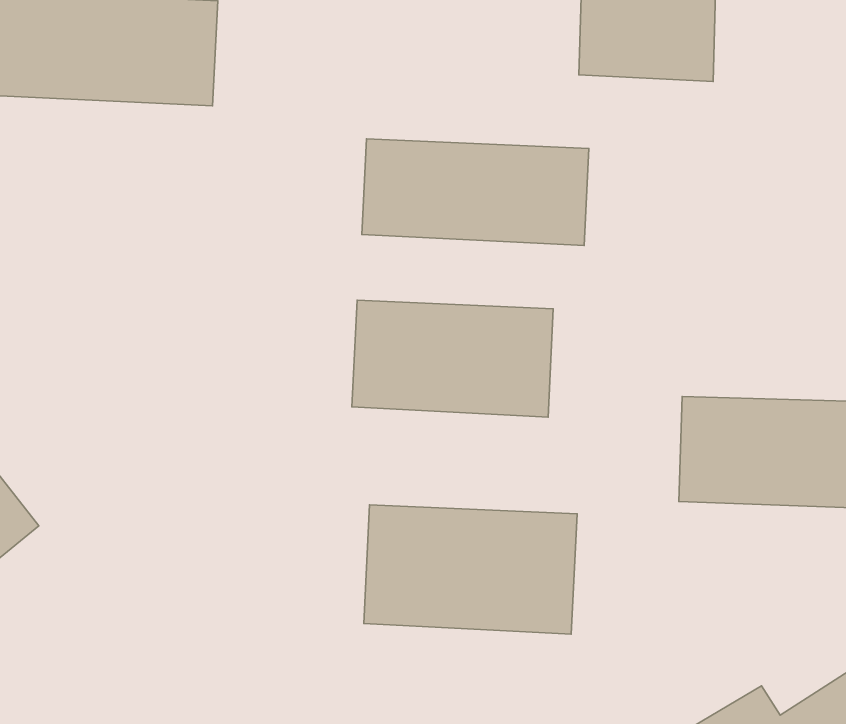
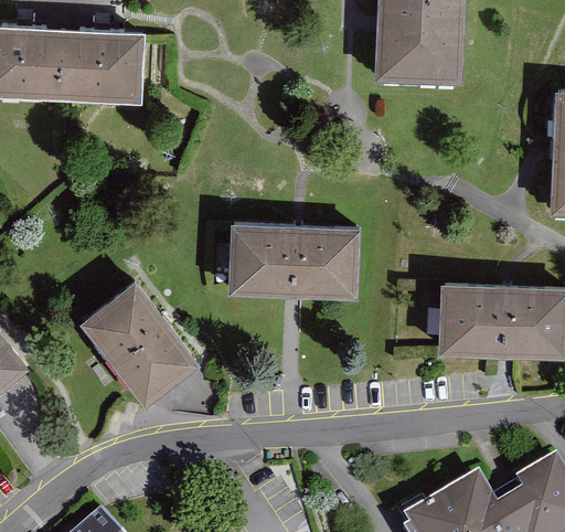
building: [362,139,589,246] -> none
building: none -> [82,284,196,406]
building: [364,505,577,634] -> none

